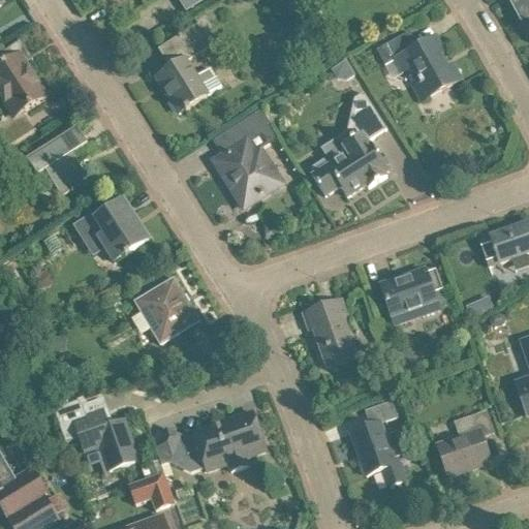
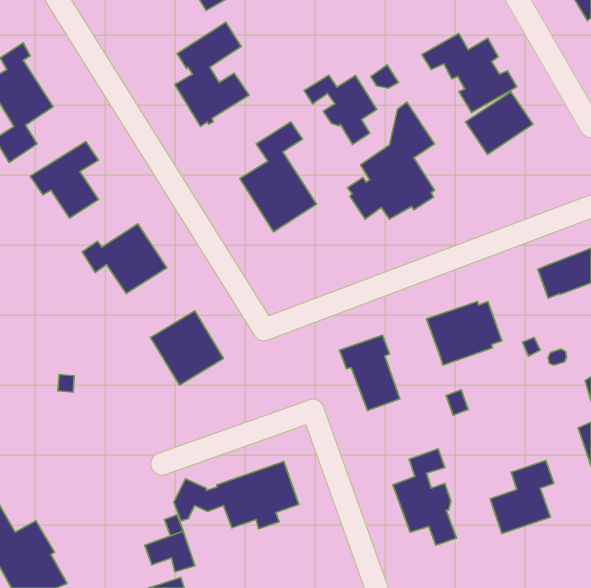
building: none -> [304,75,377,144]
building: none -> [466,92,533,155]
building: [51,393,137,469] -> none

